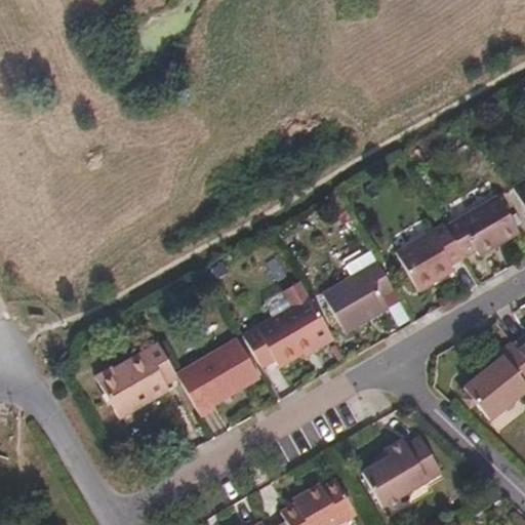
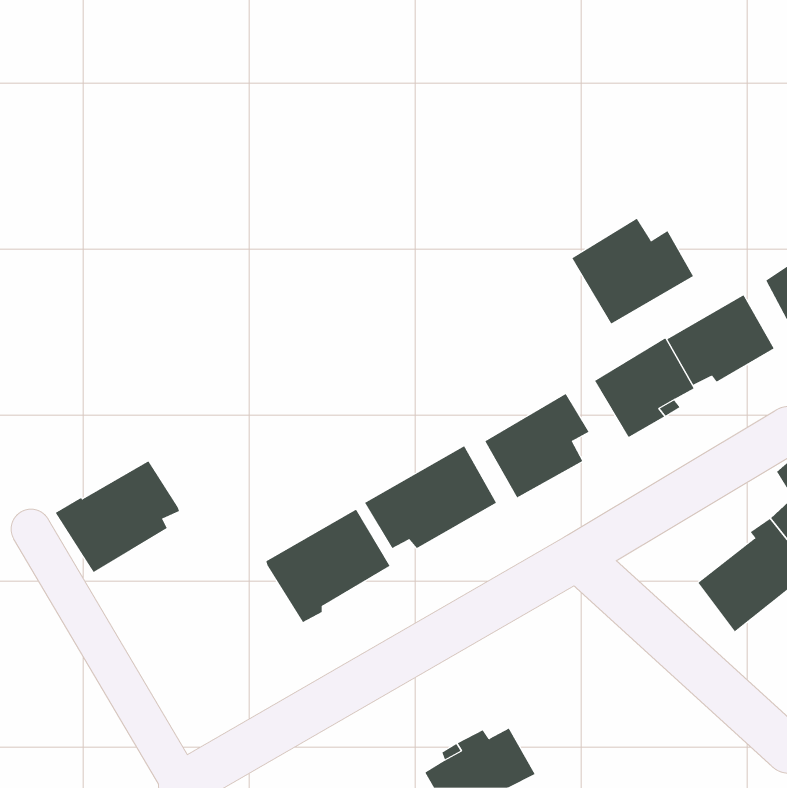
building: none -> [571,218,694,324]
building: [95,342,178,417] -> [55,460,180,573]
building: [364,438,443,508] -> none

